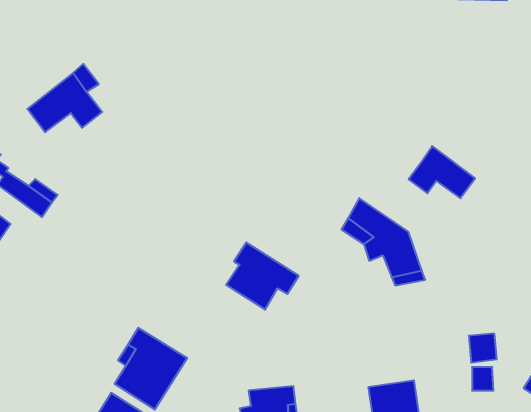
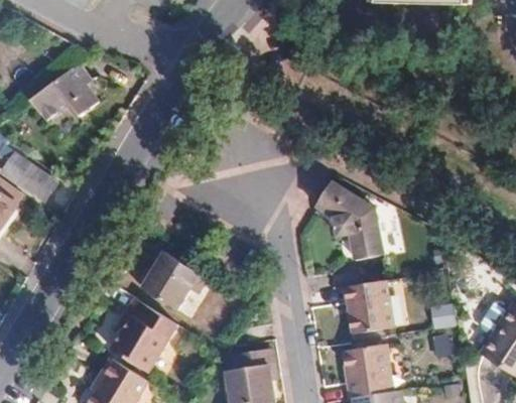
building: [409,146,475,198] -> none
building: [226,242,299,310] -> [140,248,206,308]
building: none -> [344,281,391,334]

